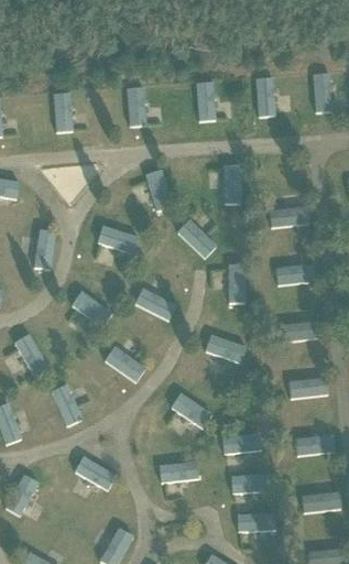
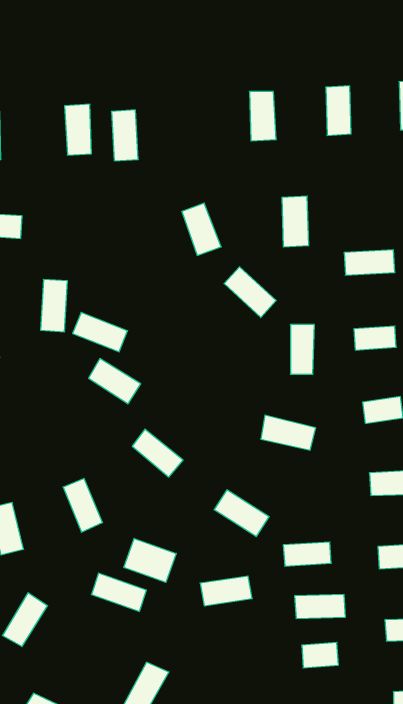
building: [126,87,146,127] -> [111,110,138,161]
building: [96,225,139,256] -> [73,312,128,352]
building: [133,289,177,322] -> none
building: [15,334,46,377] -> none
building: none -> [124,538,176,582]

